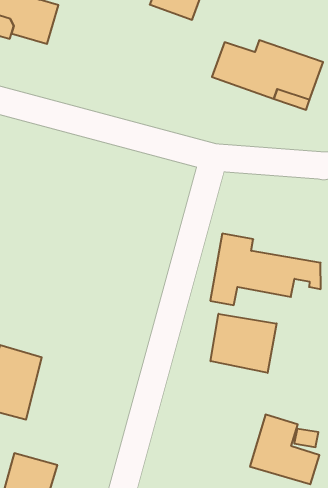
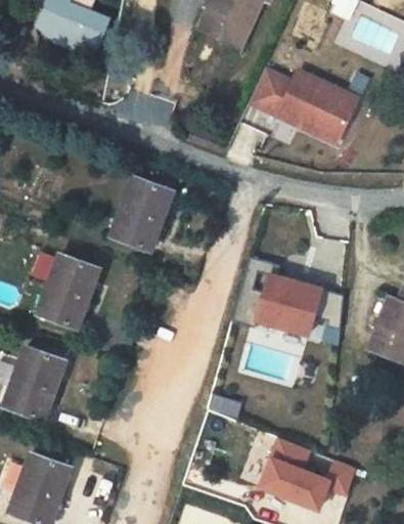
building: none -> [110,176,173,252]
building: none -> [37,253,99,329]
building: [211,314,277,373] -> none

